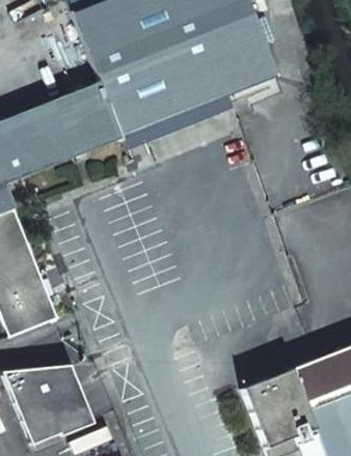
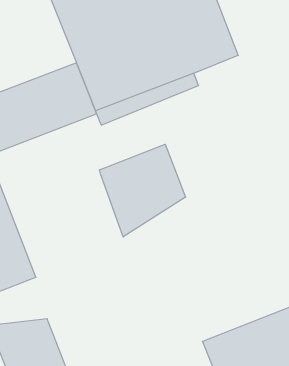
building: none -> [99,144,186,237]

